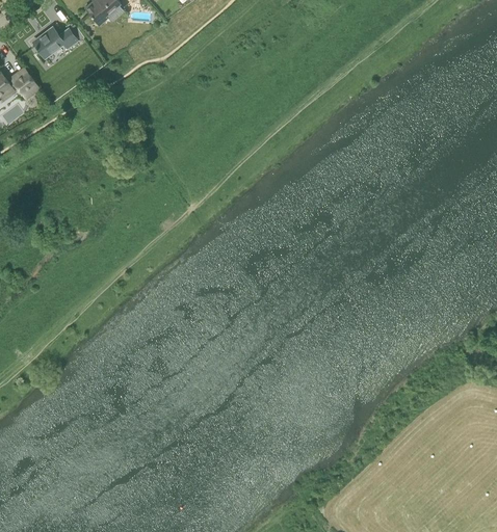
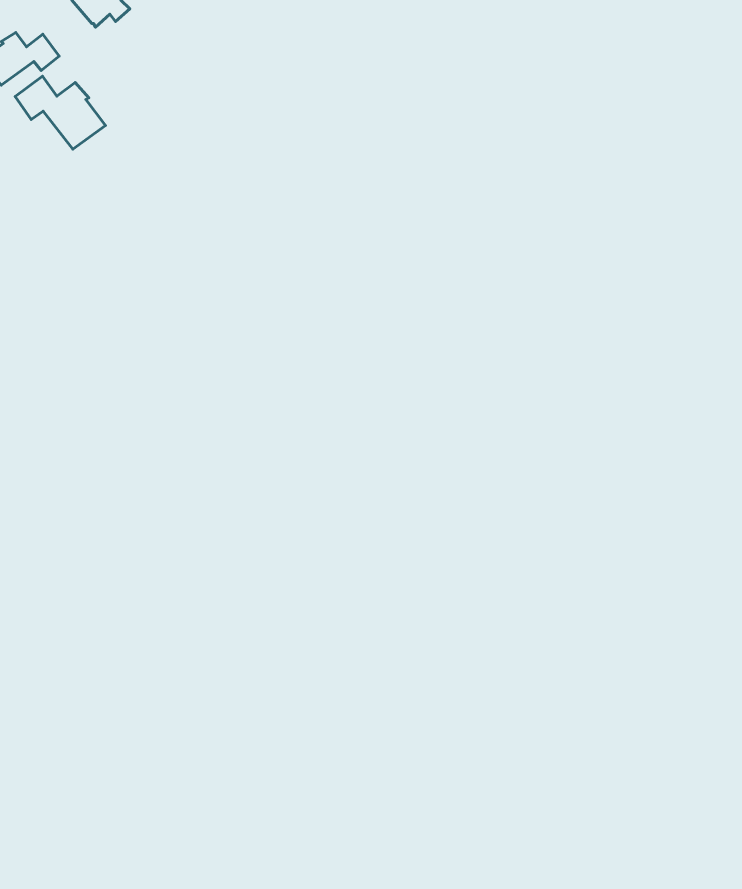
building: none -> [15,76,106,149]

